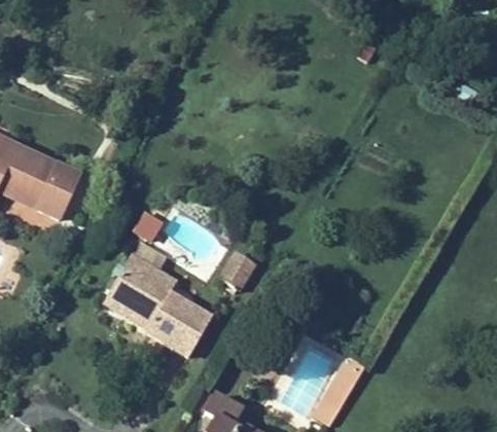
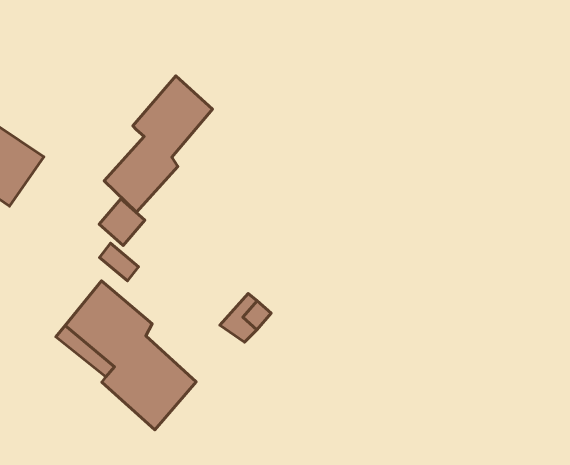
building: none -> [104,76,213,212]

